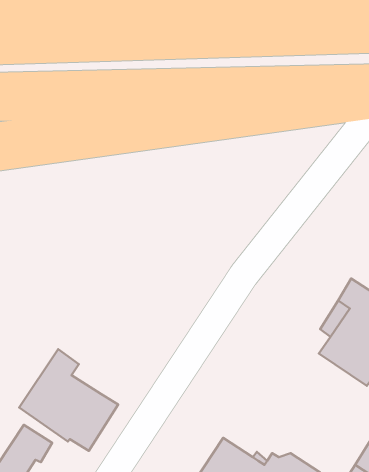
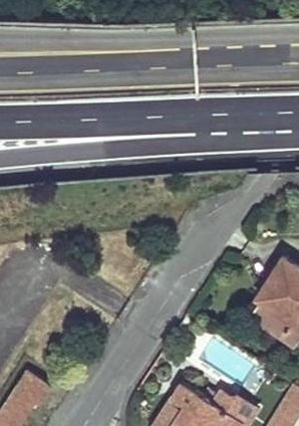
building: [19,349,118,451] -> none

